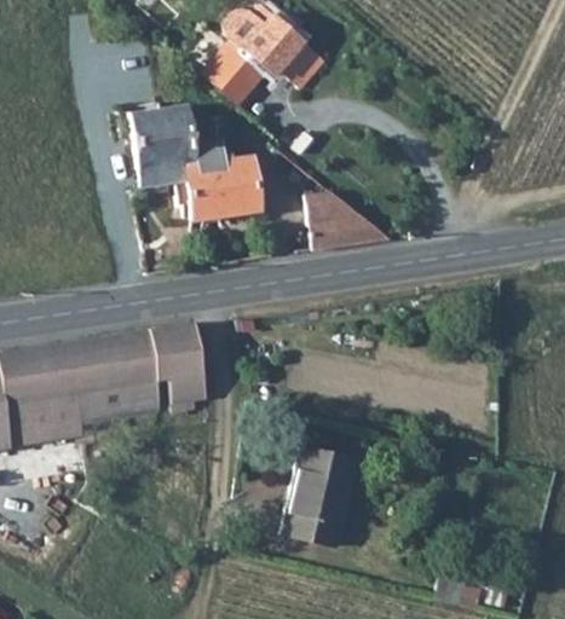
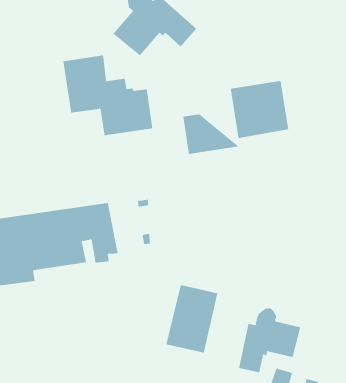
building: none -> [230,80,289,139]
building: none -> [239,307,301,373]

